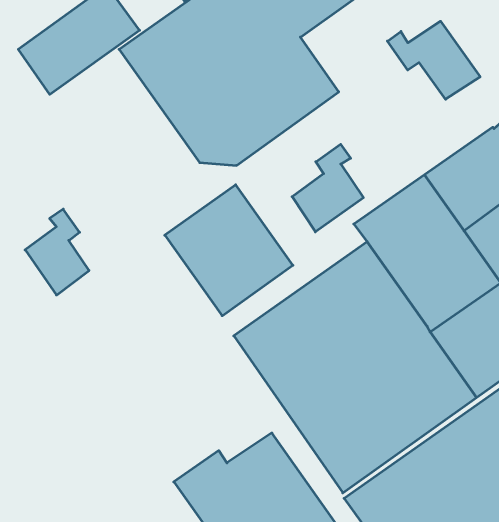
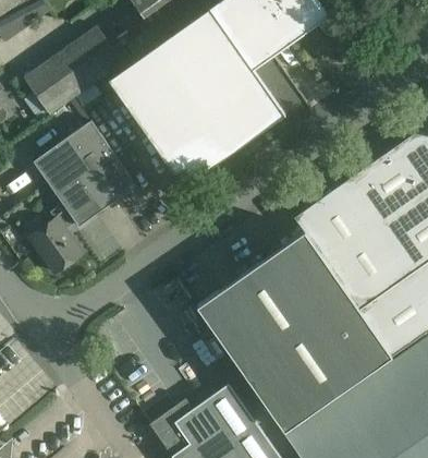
building: [387,21,480,99] -> none
building: [292,144,363,232] -> none
building: [165,185,293,316] -> [34,122,136,227]

